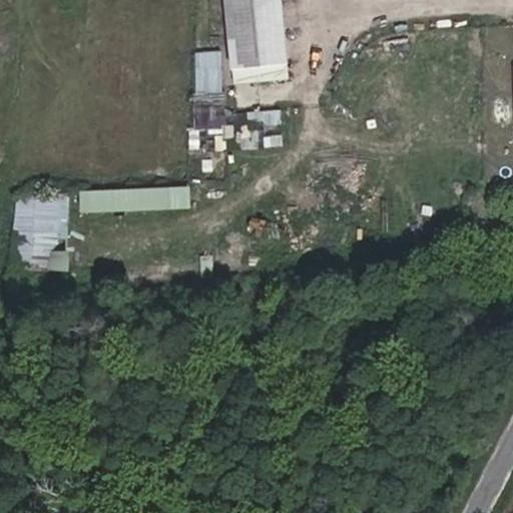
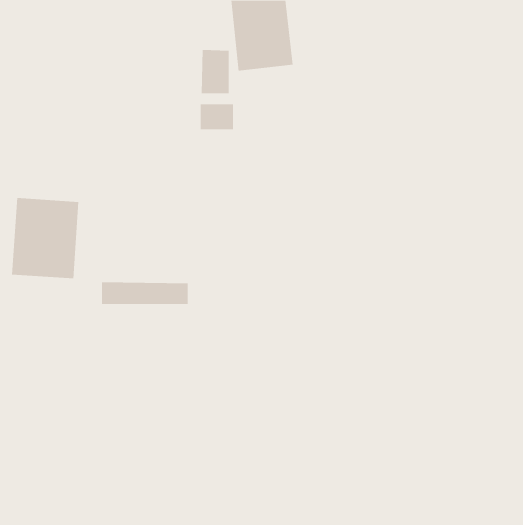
building: [86,187,171,209] -> [101,282,189,305]

